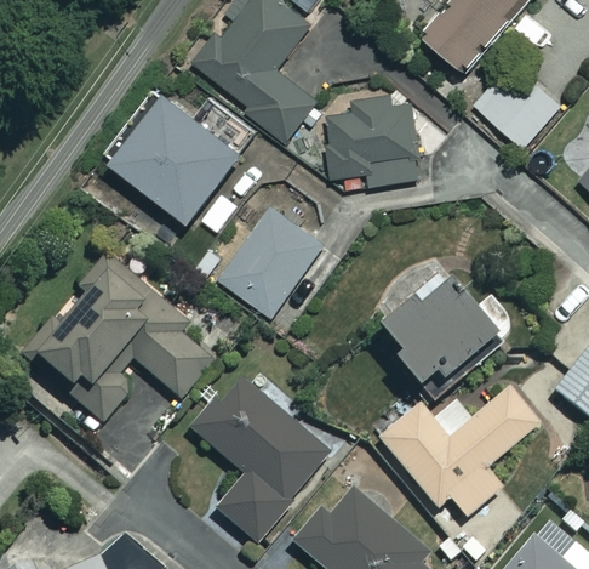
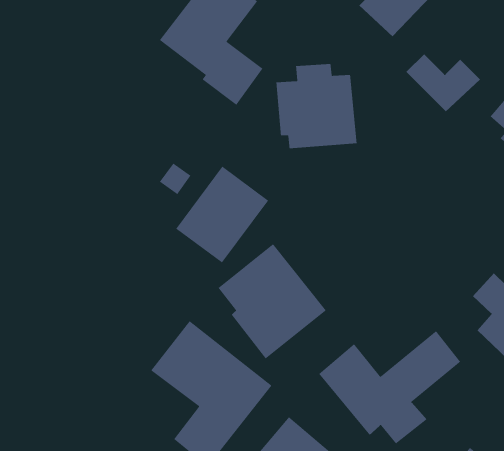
building: [110,87,242,217] -> none
building: [33,260,213,422] -> none
building: [378,272,499,402] -> [218,243,327,360]

